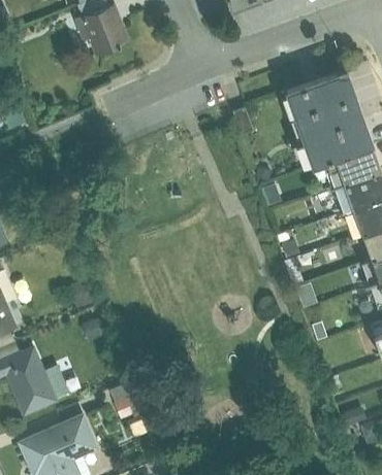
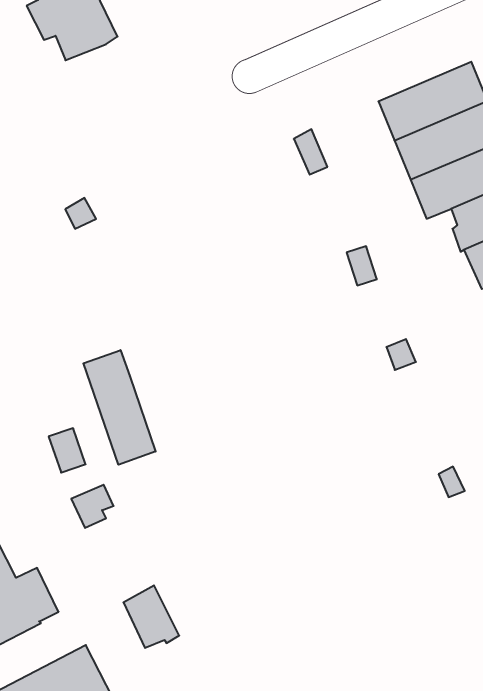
building: none -> [83,350,156,465]

